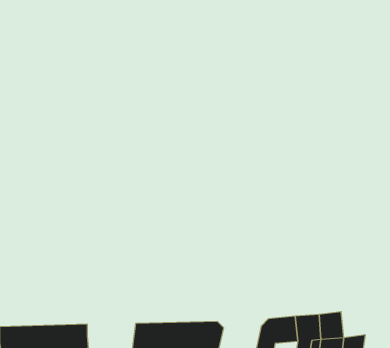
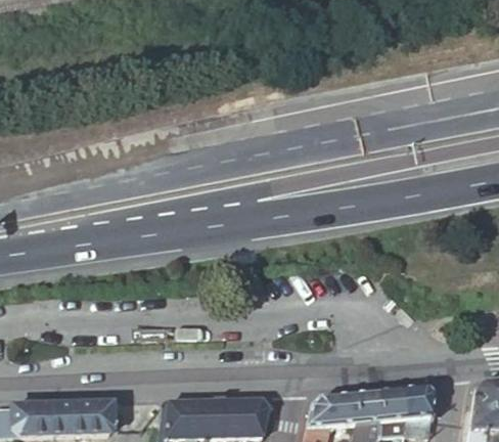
building: none -> [405,385,437,416]

